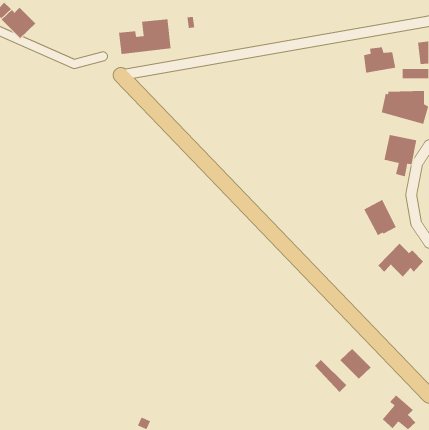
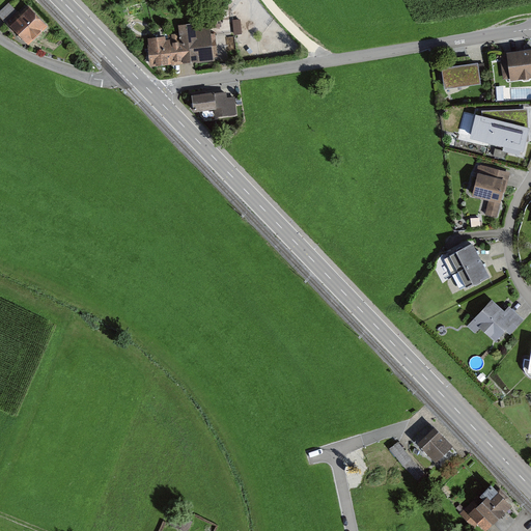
building: none -> [190,91,236,118]

